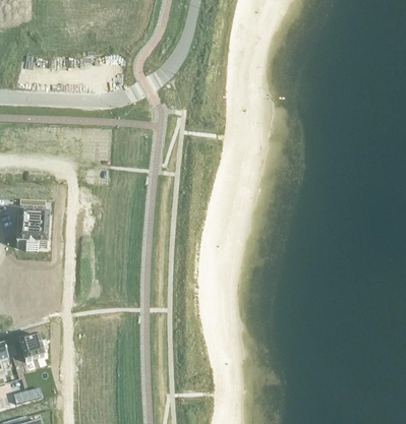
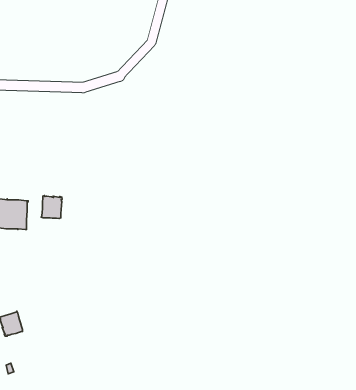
building: none -> [41,196,62,218]

